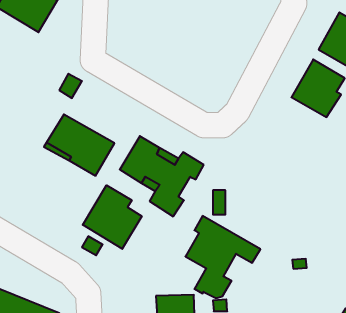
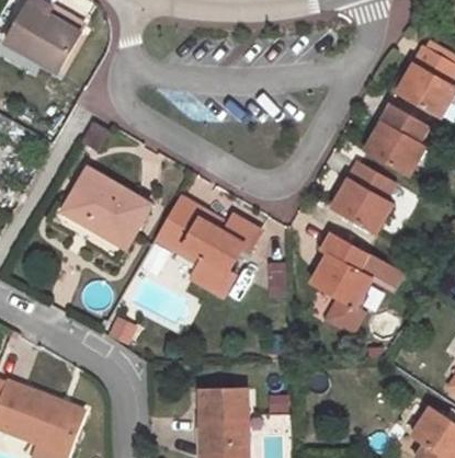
building: none -> [332,163,395,232]
building: [83,185,142,249] -> none
building: [185,216,260,298] -> [310,233,401,333]

